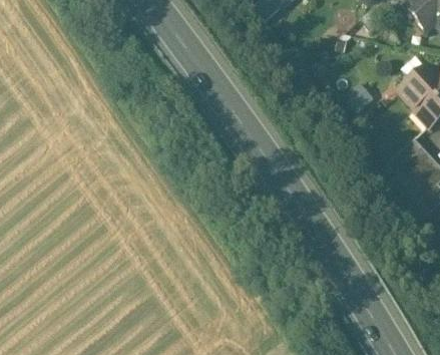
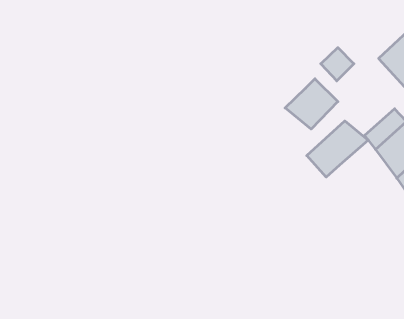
building: none -> [285,79,338,129]
building: none -> [307,121,368,177]

